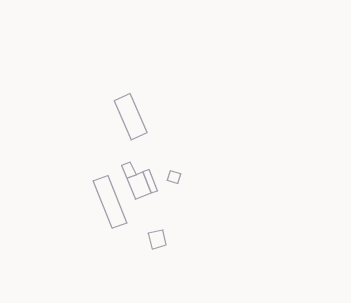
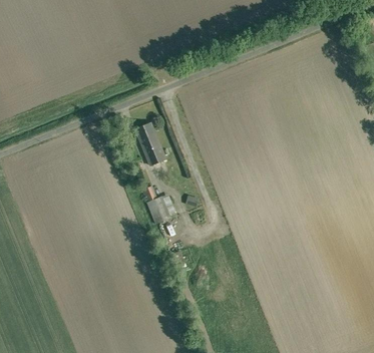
building: [93,175,127,228] -> none

